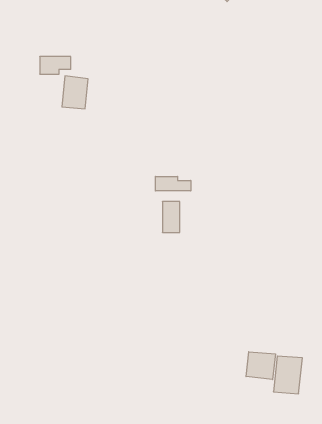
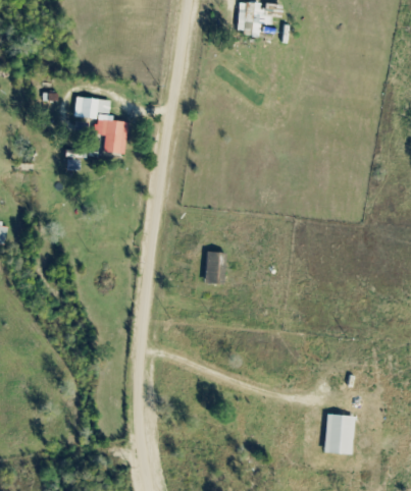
building: [155,176,191,191] -> none
building: [246,352,275,380] -> none

